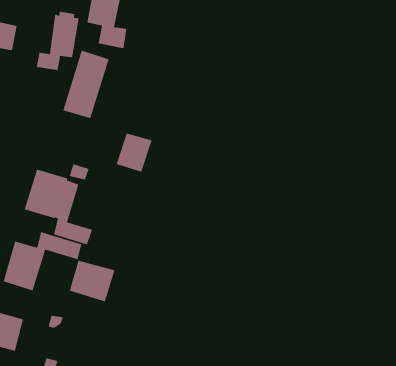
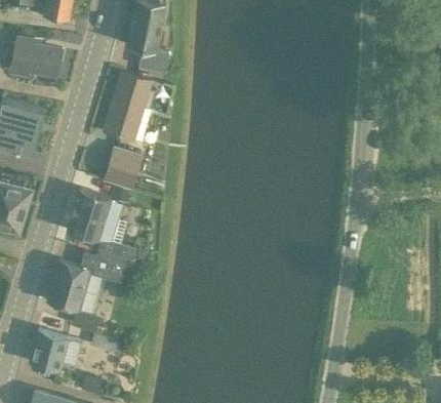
building: [36,11,79,71] -> none
building: [116,133,152,173] -> [106,150,142,189]
building: [69,260,115,302] -> none

